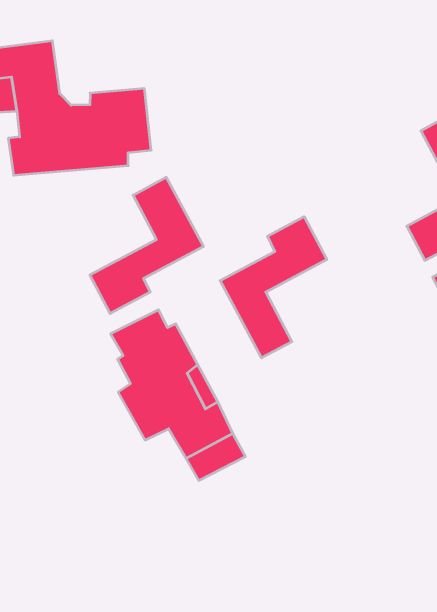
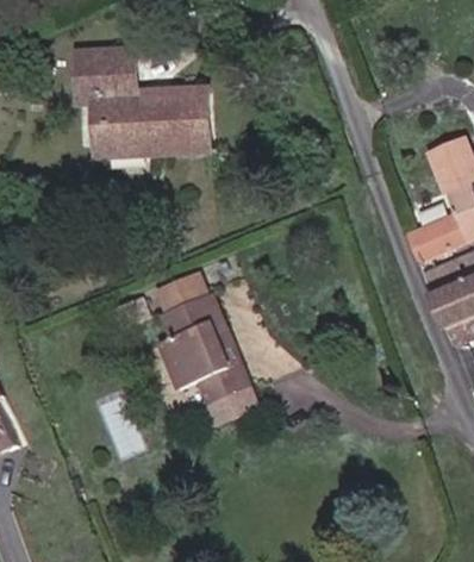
building: [90,177,203,314] -> none
building: [220,217,327,358] -> none

